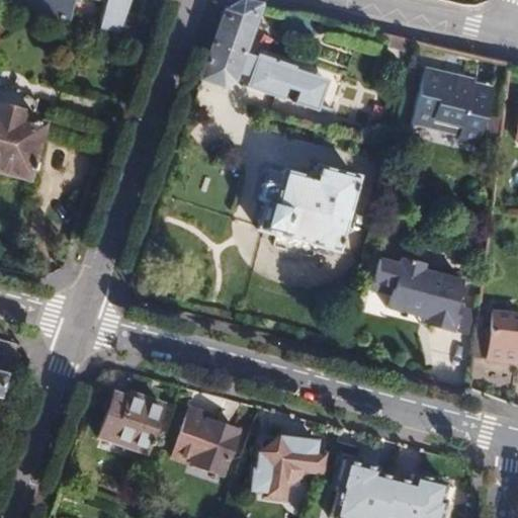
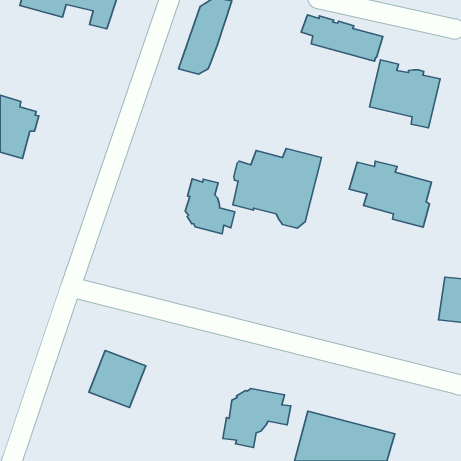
building: [238,50,329,101] -> [301,15,383,61]
building: none -> [185,179,235,234]
building: [370,271,462,345] -> [349,161,431,227]
building: [177,411,238,474] -> none

